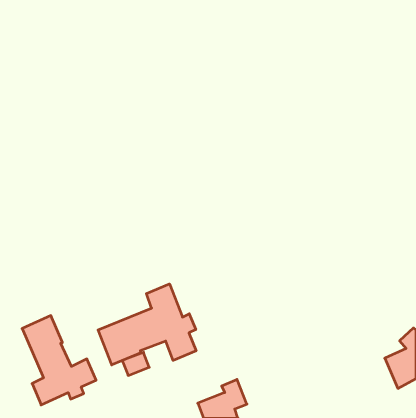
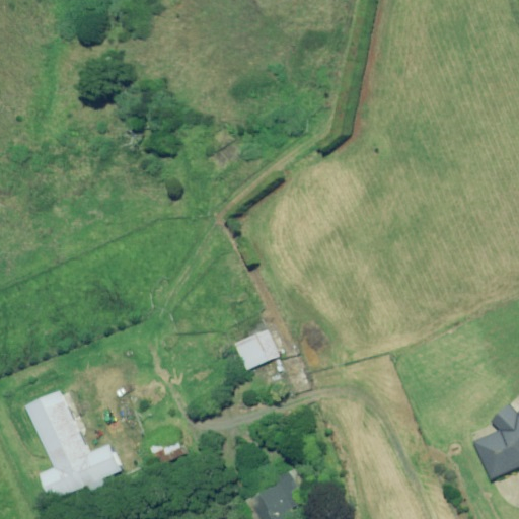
building: none -> [235,330,278,369]
building: [98,284,196,365] -> none

